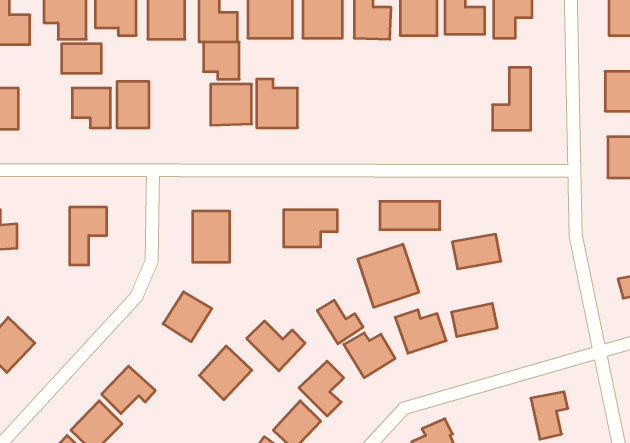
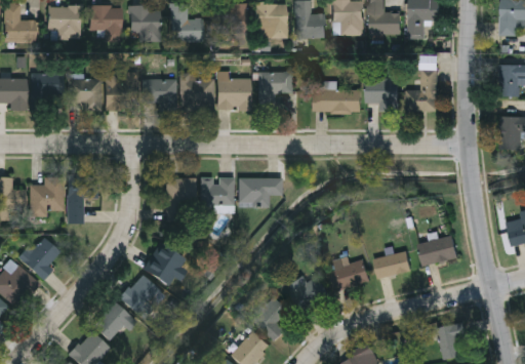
building: [203,42,239,79] -> [147,80,175,110]
building: [62,44,101,73] -> [32,74,64,97]
building: none -> [258,73,292,111]
building: none -> [365,79,397,112]
building: [380,201,440,230] -> [312,91,360,114]
building: none -> [32,175,64,212]
building: none -> [202,176,234,210]
building: [452,234,501,269] -> [418,237,457,265]
building: [358,244,419,307] -> none
building: none -> [21,234,60,280]
building: [317,300,363,344] -> none
building: [247,321,305,371] -> none
building: [199,346,252,400] -> [120,273,162,316]

